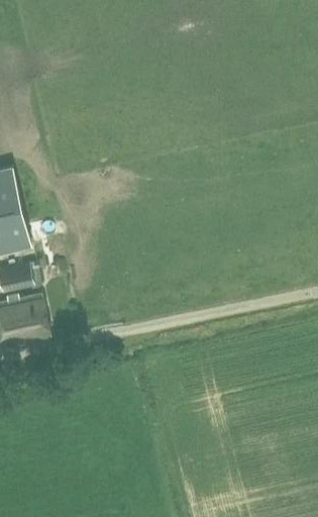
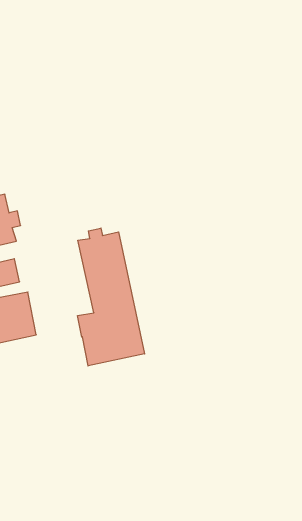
building: none -> [78,228,145,366]

